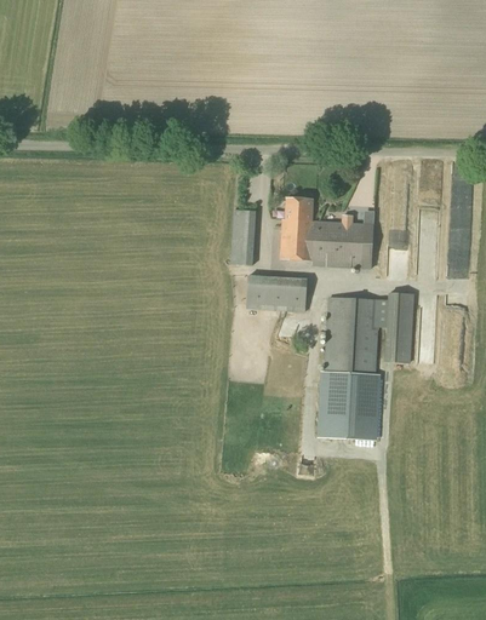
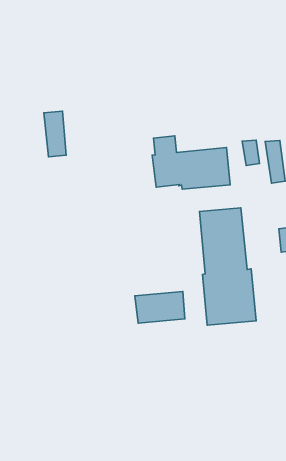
building: [231,208,257,264] -> [44,111,66,157]
building: [247,274,308,311] -> [135,292,185,323]
building: [385,292,414,362] -> none

